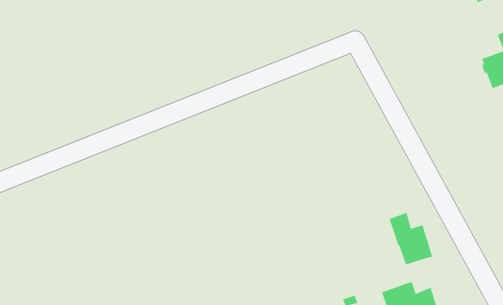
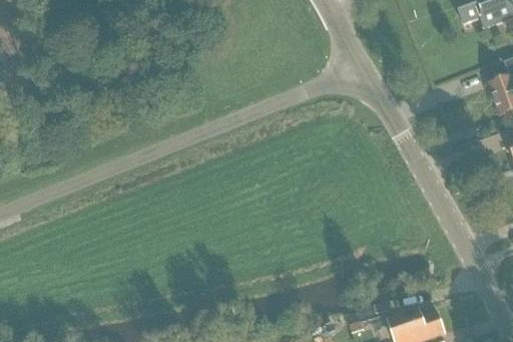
building: [389,212,433,265] -> none

